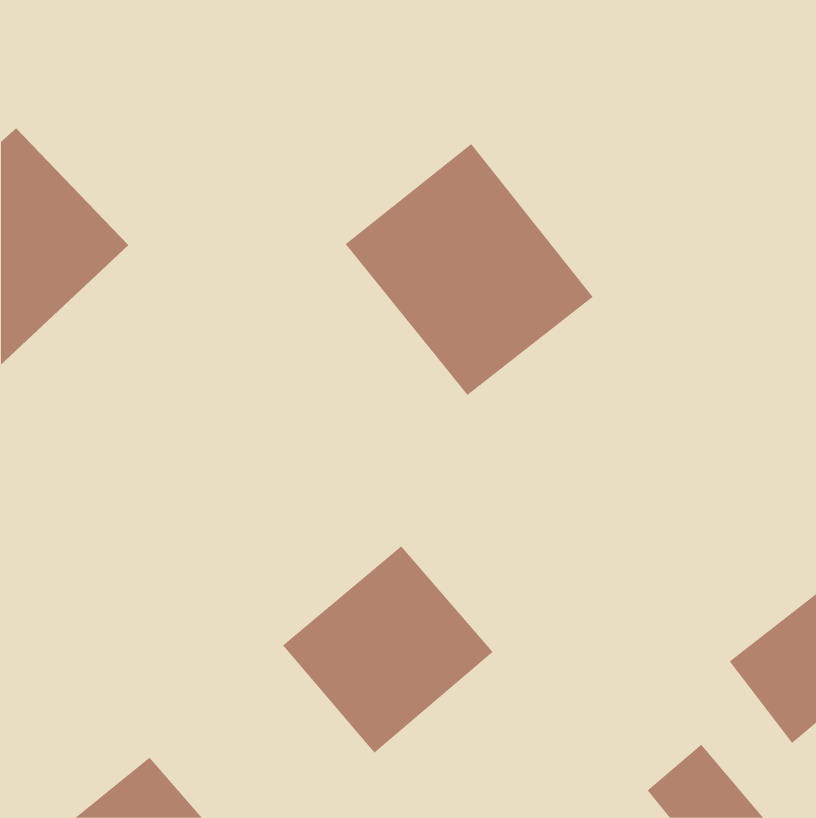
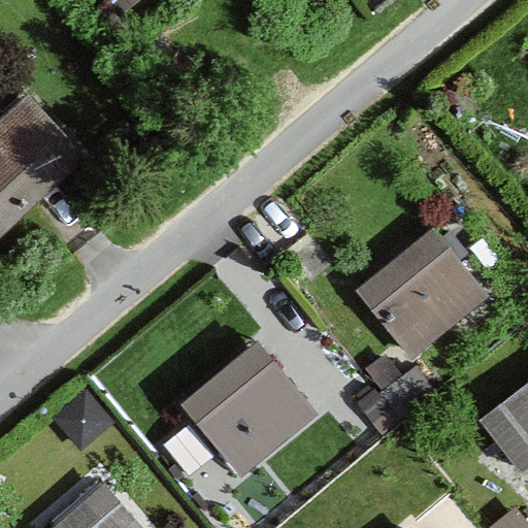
building: [345,143,594,396] -> none
building: none -> [350,227,485,359]

